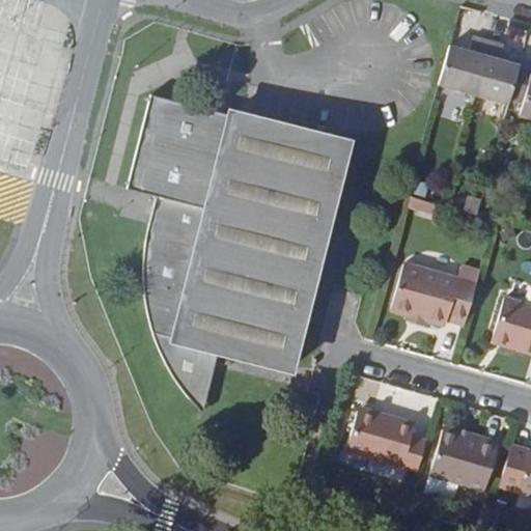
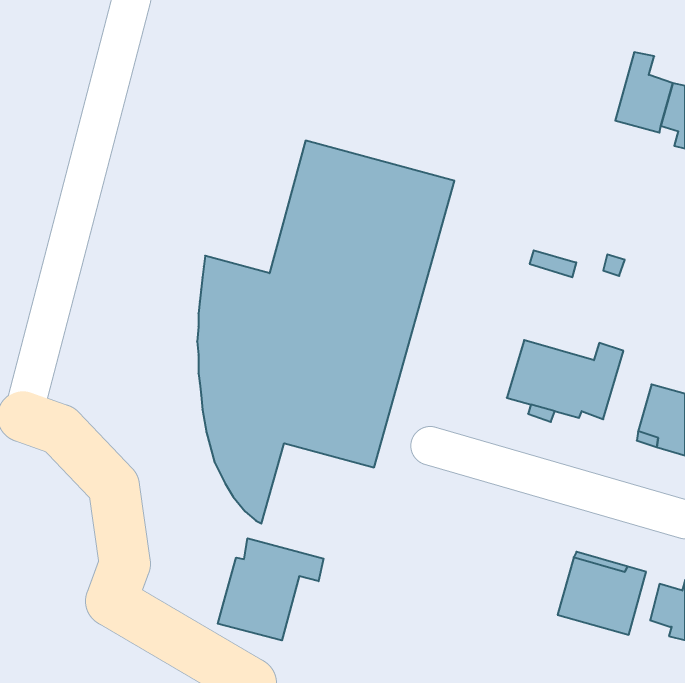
building: [440,35,491,93] -> none
building: [133,86,236,212] -> none
building: [347,413,427,472] -> none
building: none -> [218,538,324,640]

